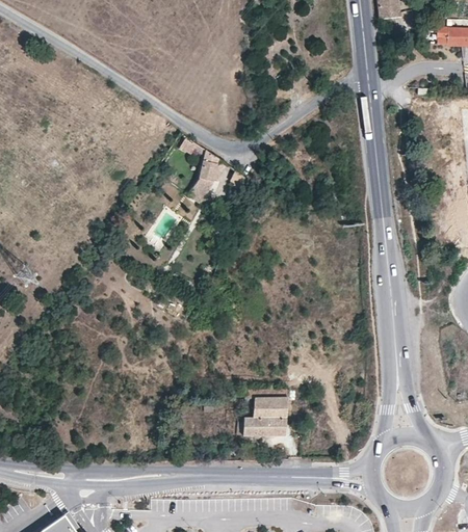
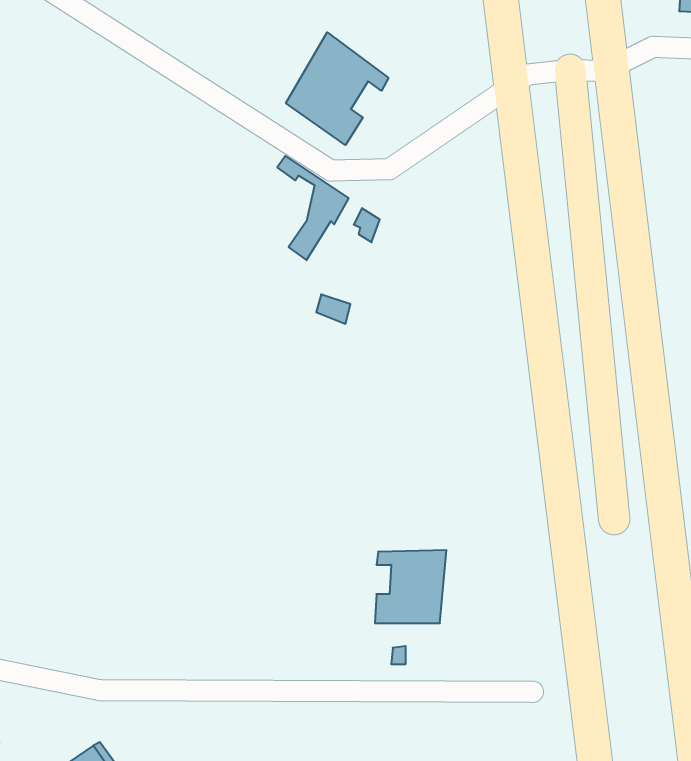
building: none -> [286,32,388,145]

